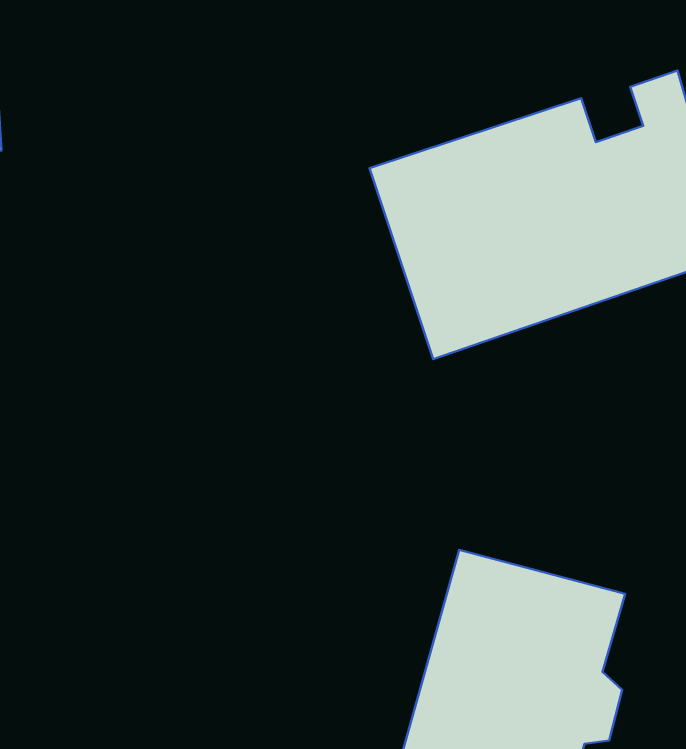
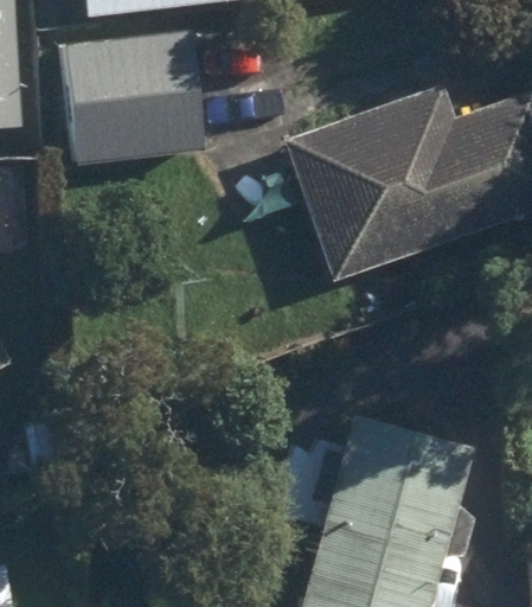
building: none -> [64,34,203,165]

